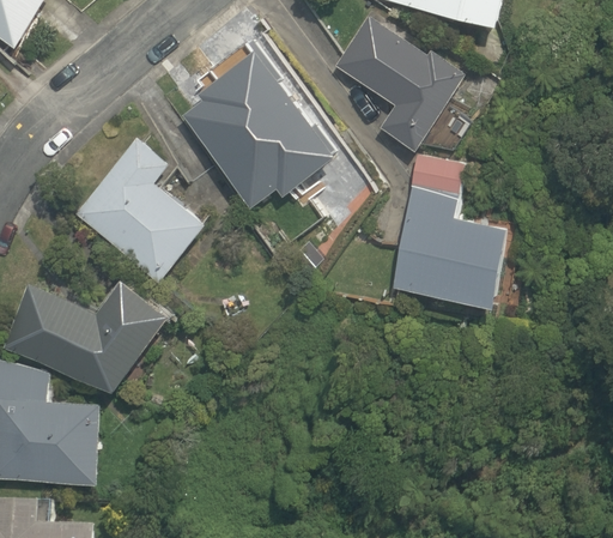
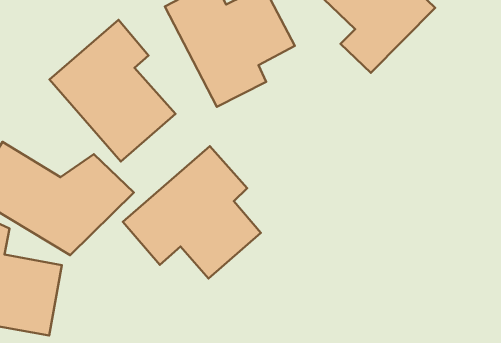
building: [392,157,539,312] -> none
building: none -> [123,146,261,278]

